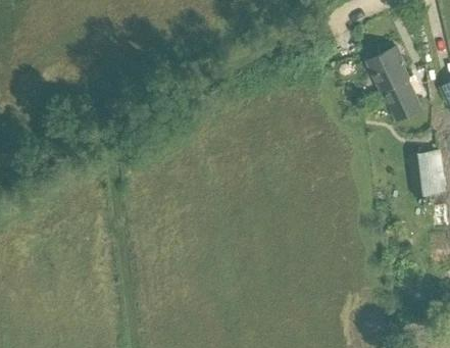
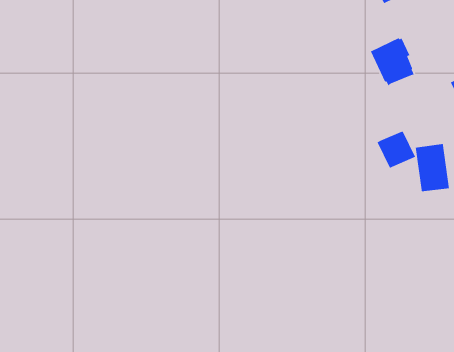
building: [384,82,421,118] -> [377,130,416,169]

